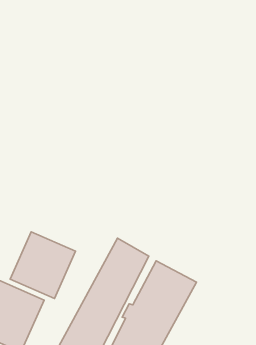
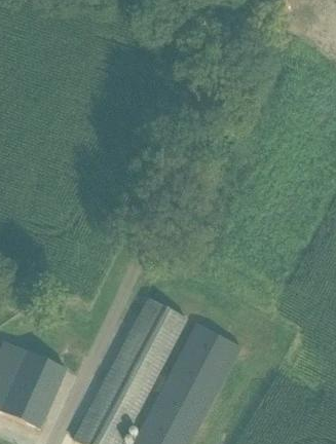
building: [10,232,76,299] -> none

